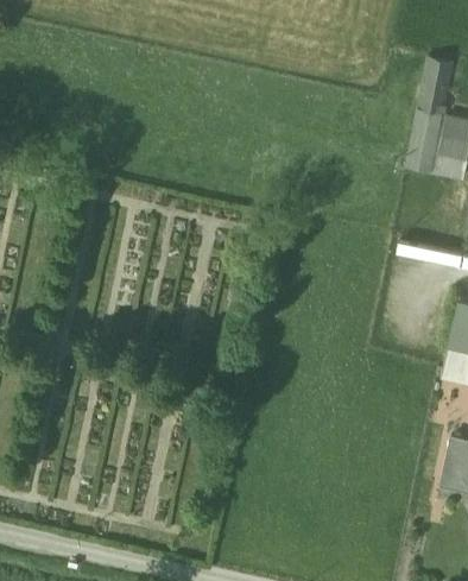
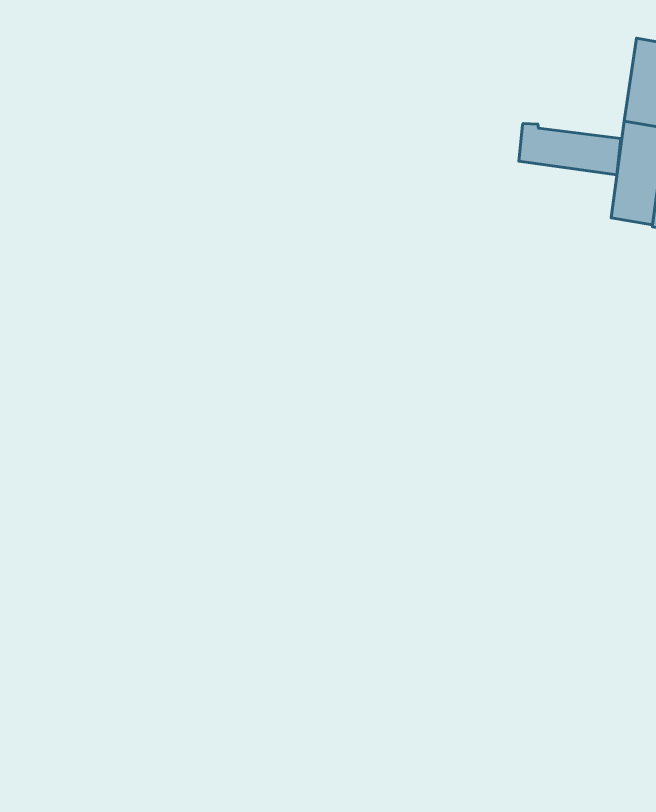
building: none -> [519,124,621,175]

